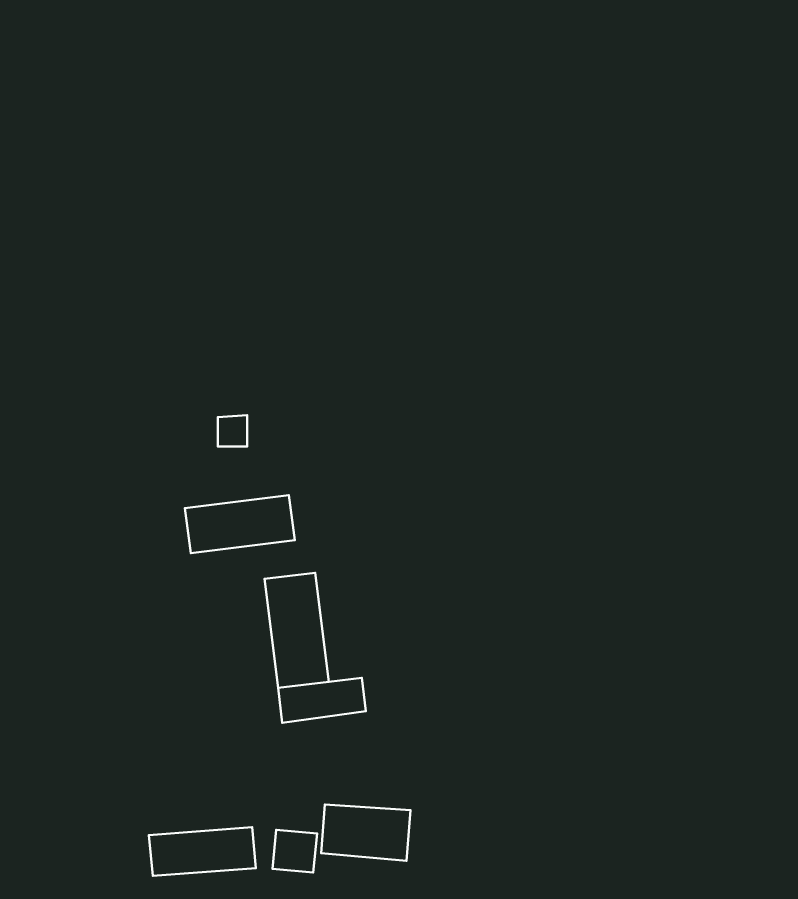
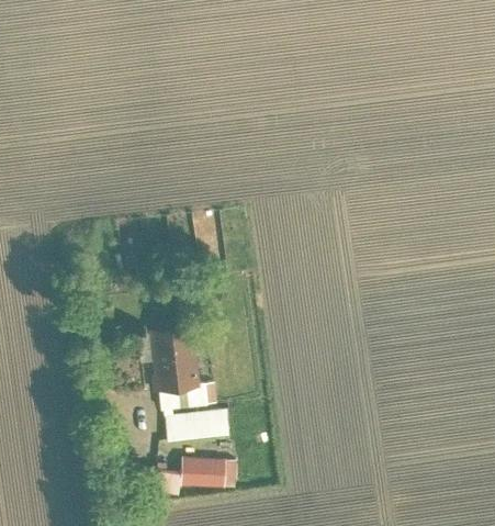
building: [185,495,295,553] -> none
building: [149,827,256,876] -> [171,410,232,437]

